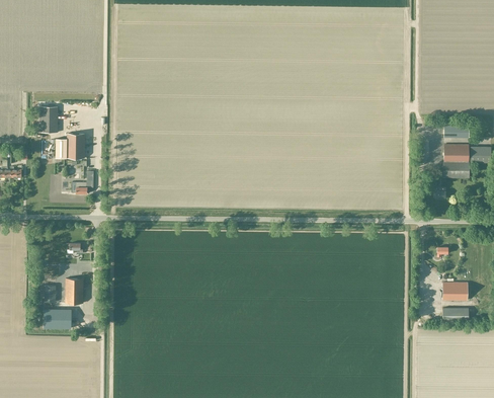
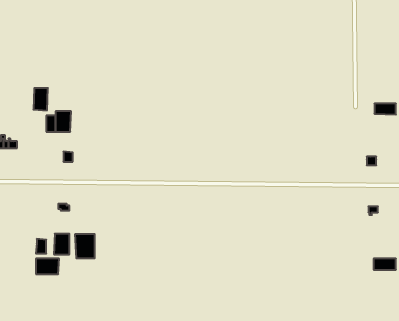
building: [443,144,468,179] -> none
building: none -> [75,234,95,258]
building: [442,282,467,300] -> none

